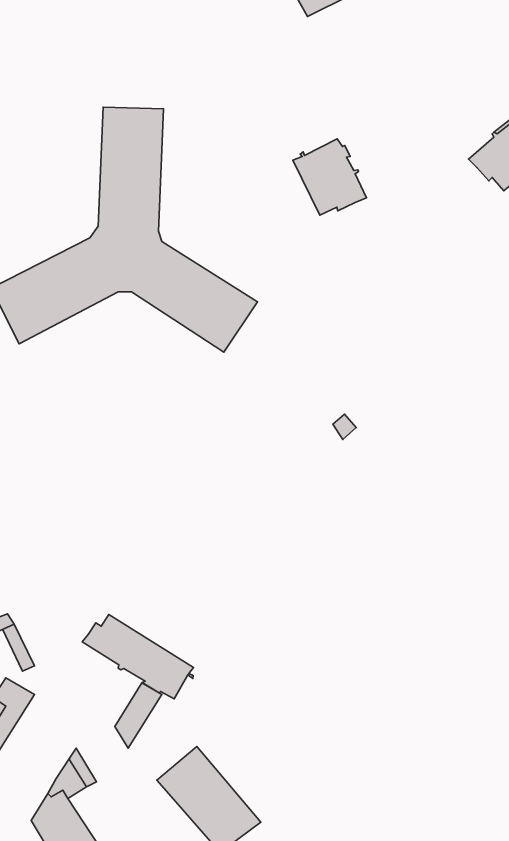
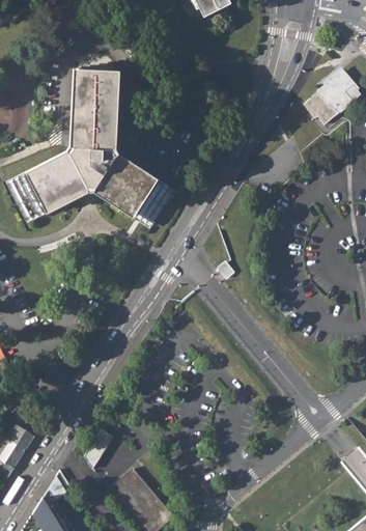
building: [293,139,367,215] -> none
building: [82,614,194,699] -> none

